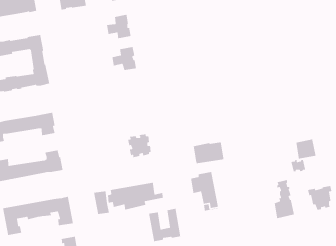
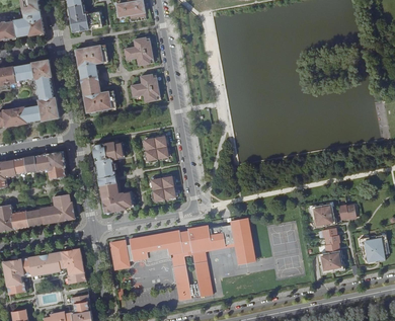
building: none -> [74,45,115,113]
building: none -> [141,135,169,163]
building: none -> [91,142,133,214]
building: [295,139,316,160] -> [310,204,334,228]
building: [193,141,224,164] -> [187,226,224,252]

